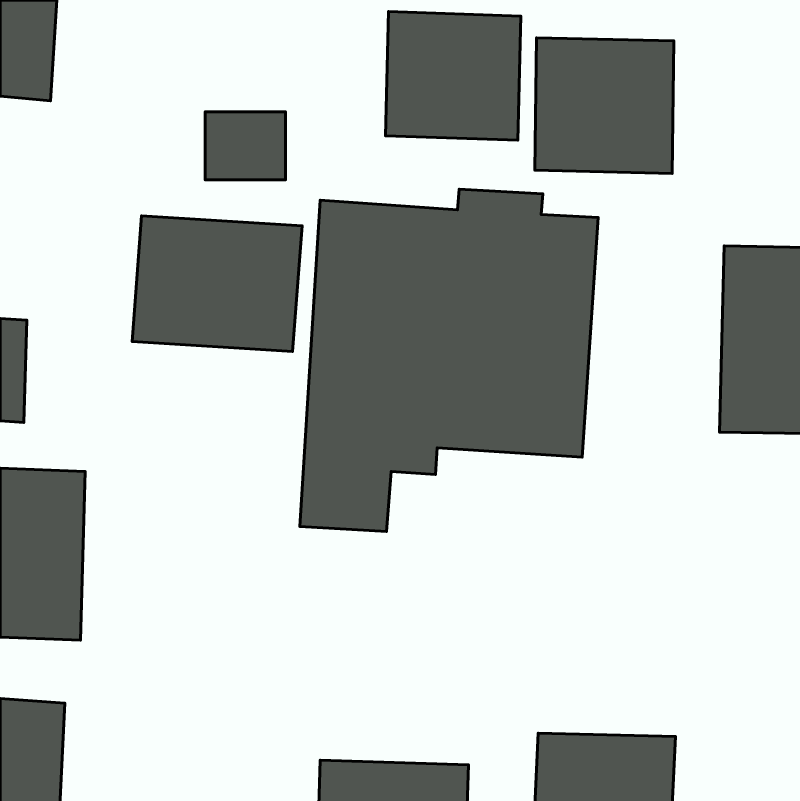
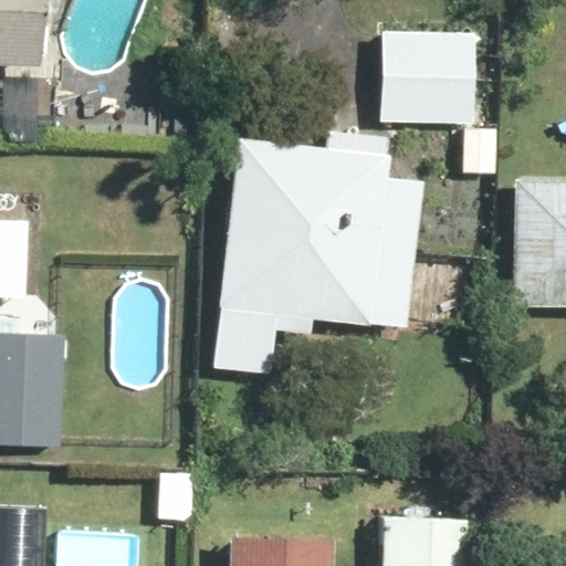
building: [386,12,521,140] -> none
building: [132,216,302,352] -> none

